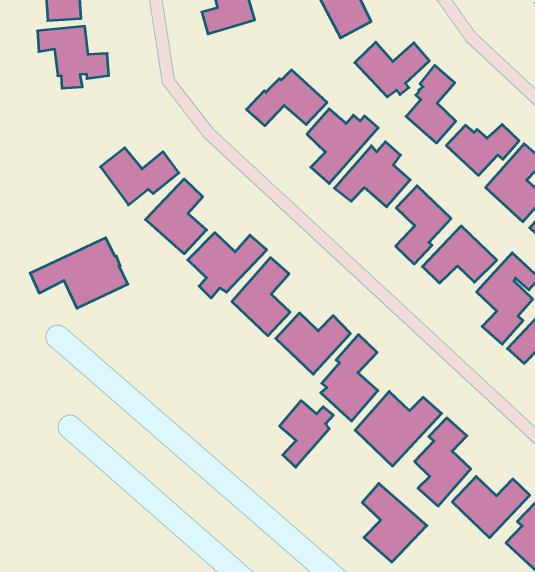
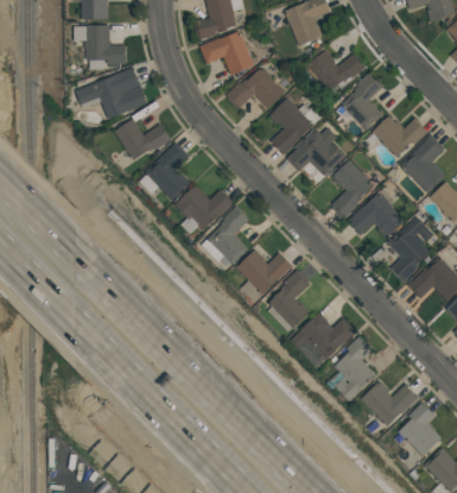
building: none -> [199,31,253,74]
building: [30,238,128,308] -> [75,68,147,119]
building: [280,401,333,467] -> none
building: [362,483,427,562] -> none

